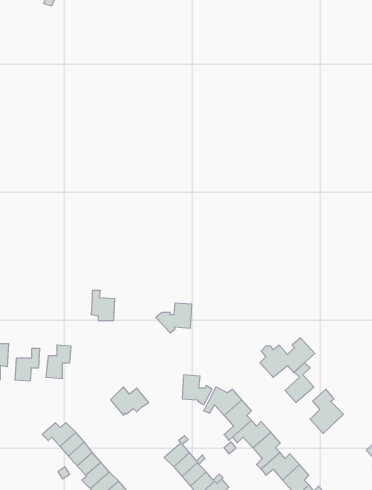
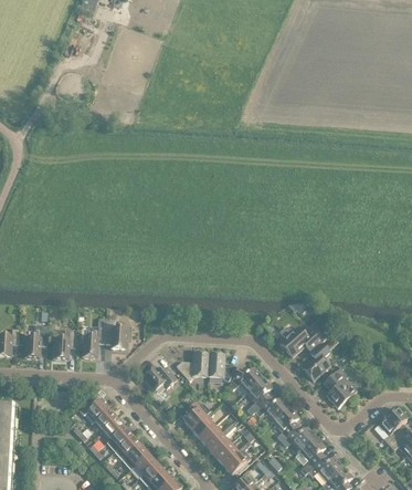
building: [91,291,115,320] -> [104,321,126,348]
building: [156,303,192,333] -> [176,353,209,380]
building: none -> [180,402,210,430]

